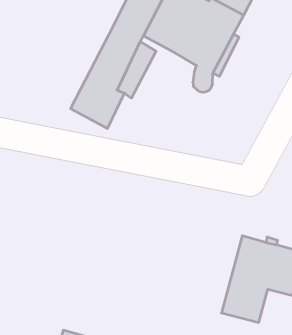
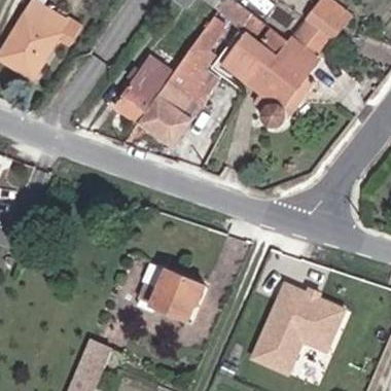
building: none -> [111,56,171,126]
building: none -> [151,274,206,325]

